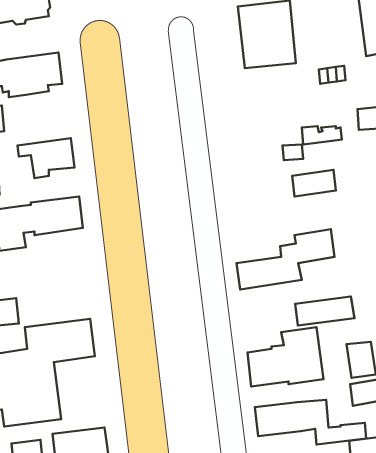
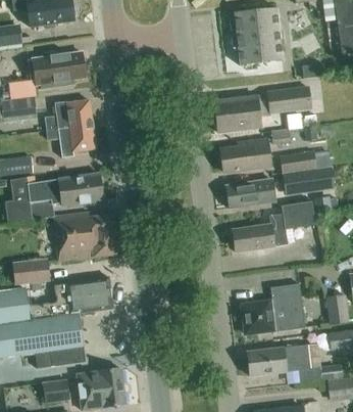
building: none -> [214,86,312,132]
building: none -> [46,99,93,130]
building: none -> [220,139,271,172]
building: none -> [226,178,275,208]
building: none -> [54,212,118,260]
building: [295,296,355,325] -> [284,167,334,191]

